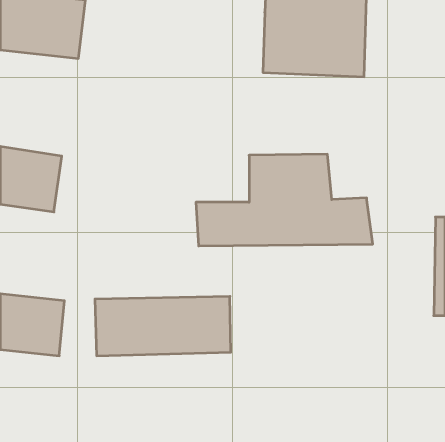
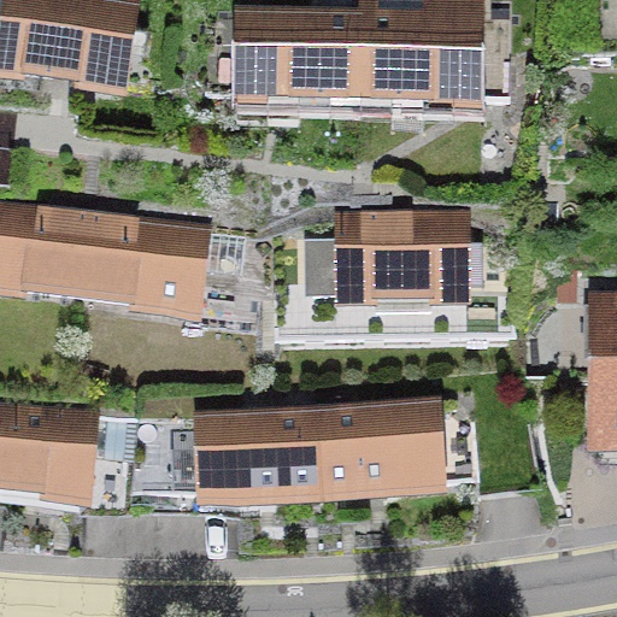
building: none -> [206,10,366,100]
building: none -> [75,216,258,318]
building: none -> [318,406,472,487]

